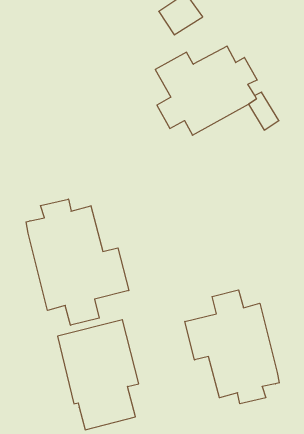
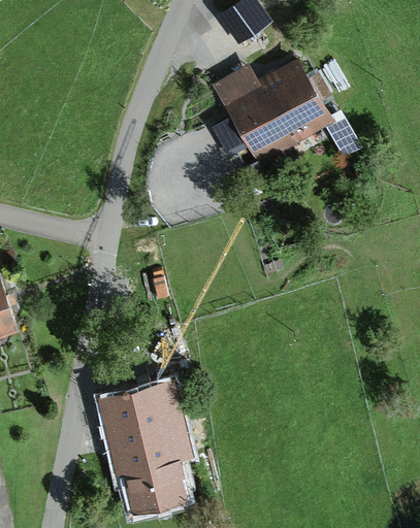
building: [26,199,129,325] -> none
building: [185,290,279,404] -> none

